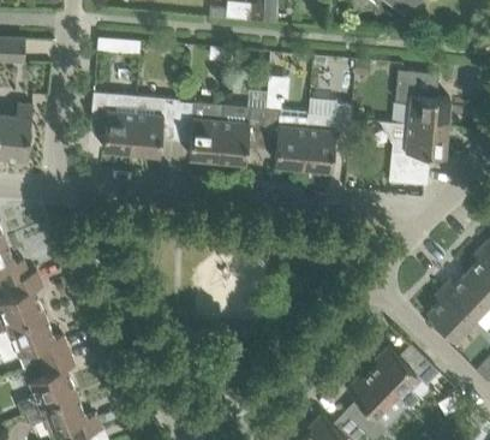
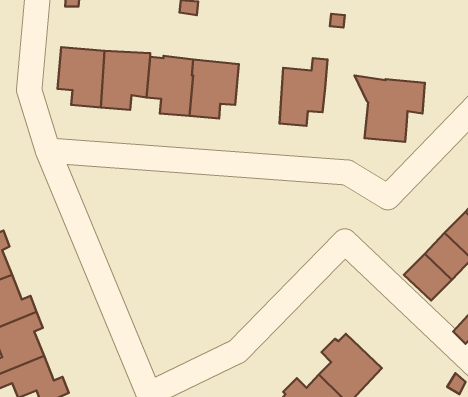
building: [394,71,449,127] -> none
building: [262,77,309,167] -> none
building: [370,345,438,409] -> none

